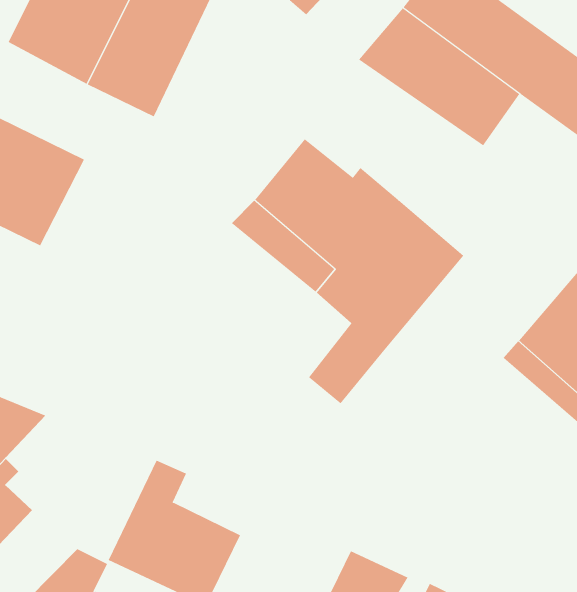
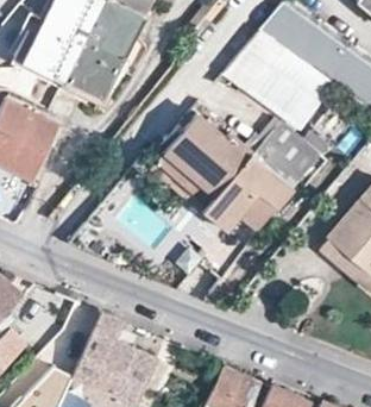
building: none -> [253,121,320,187]

